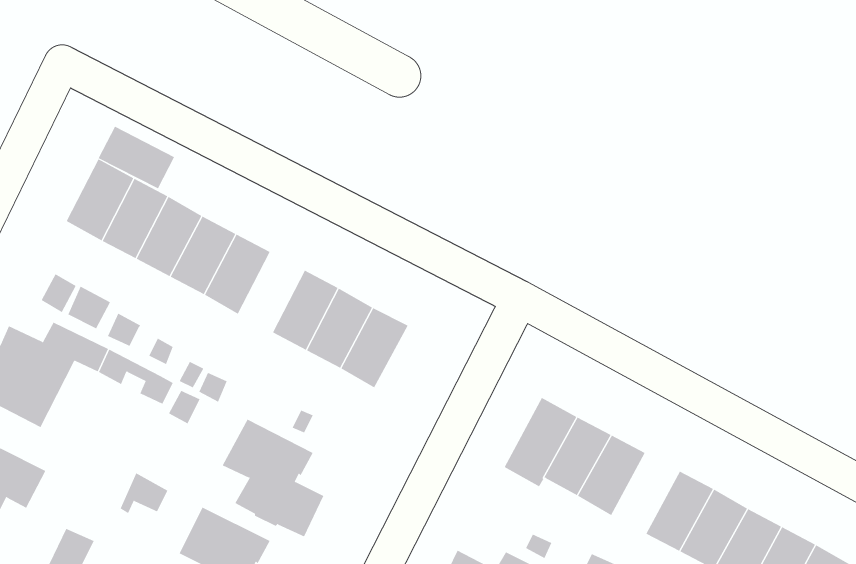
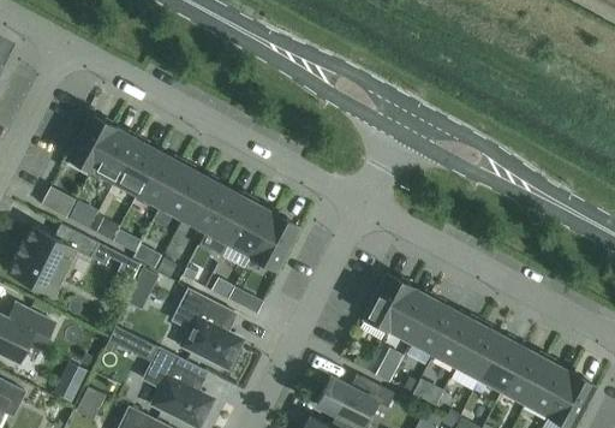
building: [98,126,175,189] -> none
building: none -> [184,178,228,232]
building: none -> [434,313,479,367]

